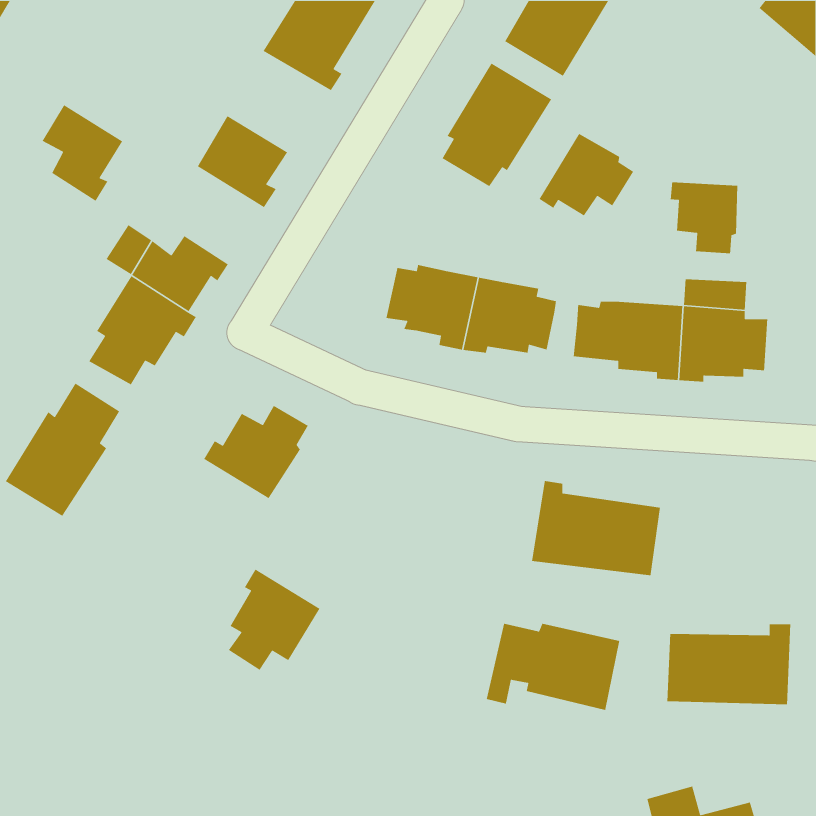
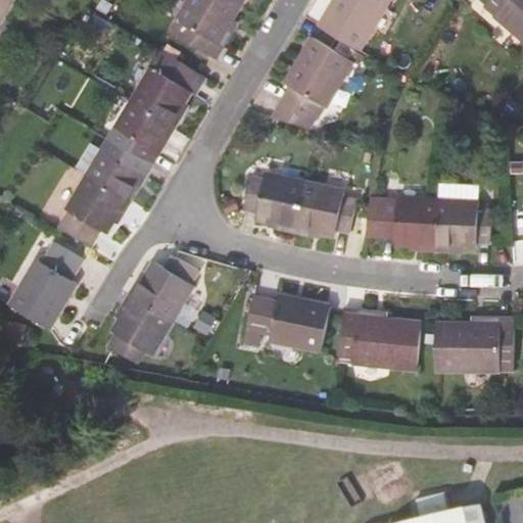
building: none -> [145,54,202,99]
building: [41,104,123,202] -> [111,107,163,170]
building: [539,133,634,217] -> none
building: [670,182,738,254] -> none
building: [228,568,321,671] -> [112,294,172,360]
building: [486,623,620,711] -> [246,296,332,352]
building: [666,623,791,705] -> [434,320,514,372]

